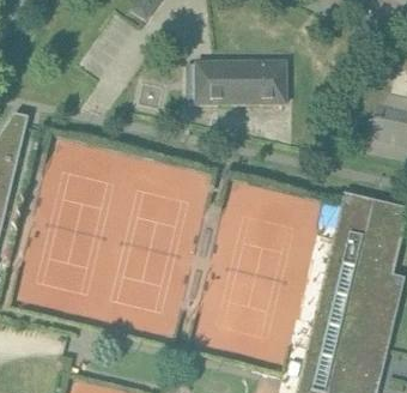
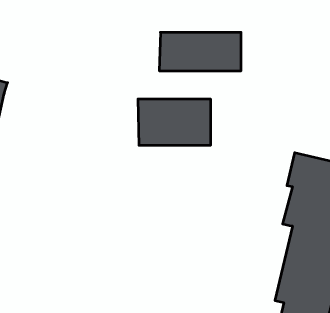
building: none -> [138,99,210,145]

